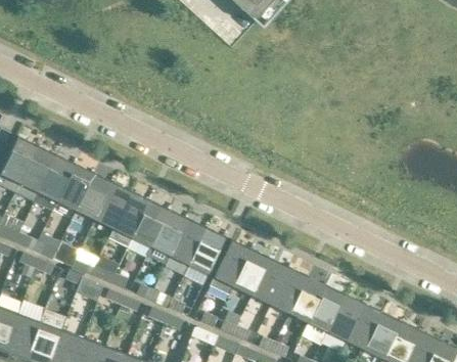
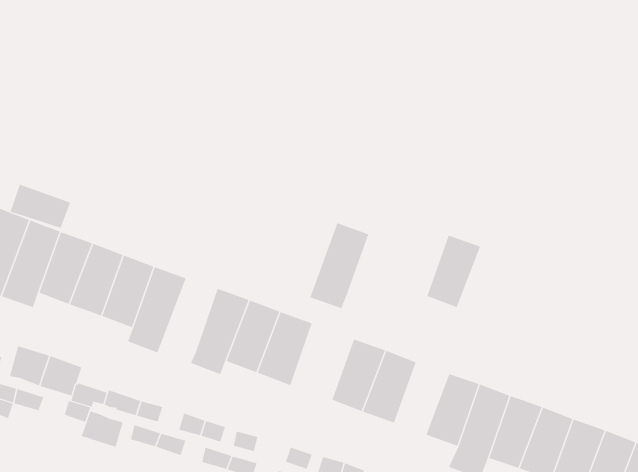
building: none -> [10,184,71,228]
building: [132,200,169,246] -> none
building: [210,239,250,293] -> [310,223,369,309]
building: [271,267,308,313] -> [426,235,481,308]

